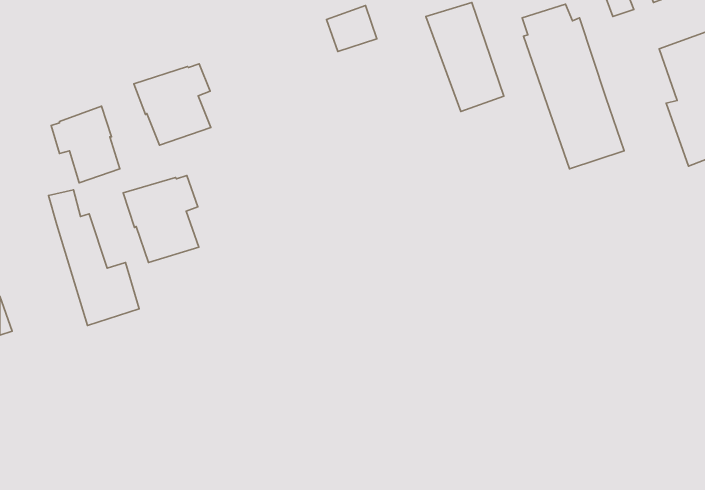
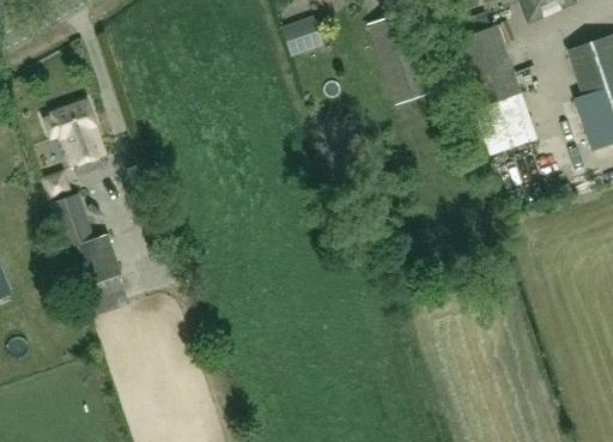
building: [134,64,211,145] -> none
building: [123,176,199,262] -> none

